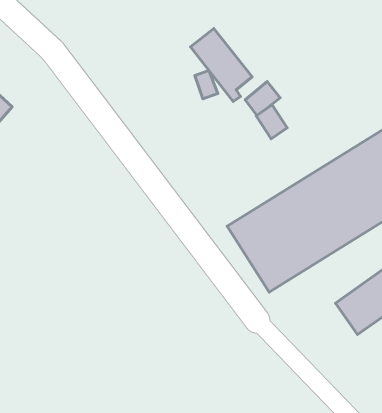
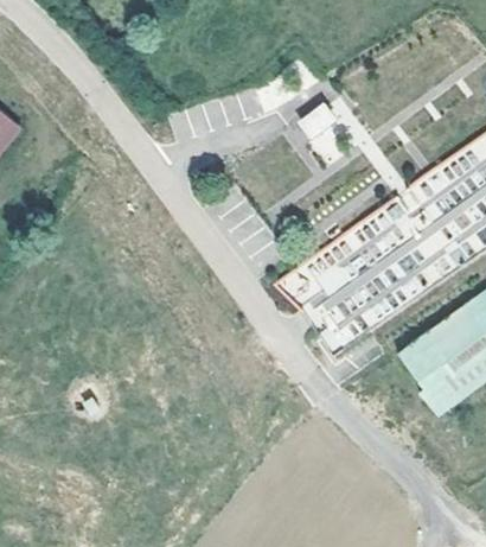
building: [190,29,252,102] -> none

